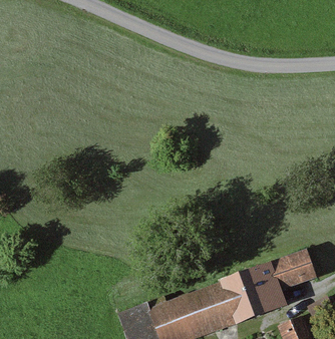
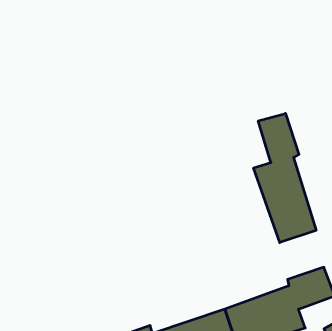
building: none -> [254,113,316,243]

